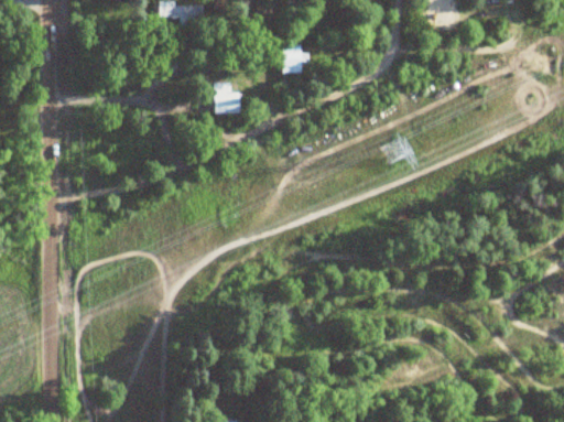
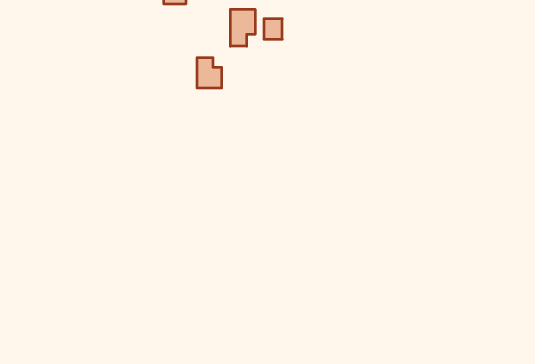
building: none -> [230,9,255,46]

